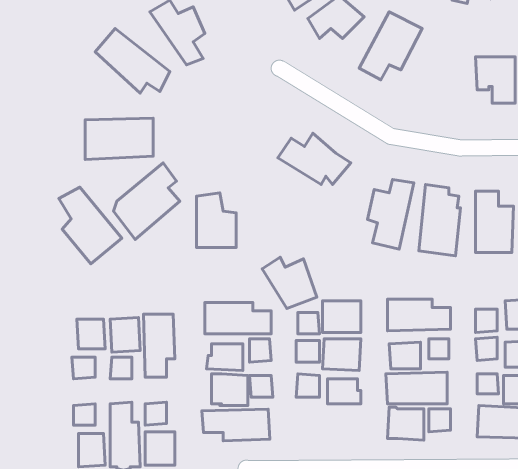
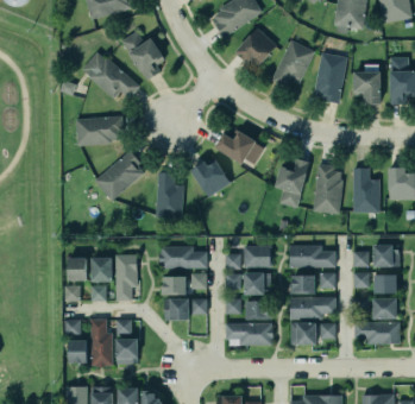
building: none -> [314,53,347,103]
building: [59,187,122,264] -> none
building: [262,257,317,309] -> [188,157,227,194]
building: [202,409,270,441] -> [225,323,273,346]

